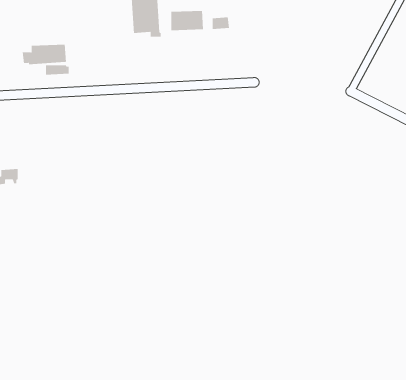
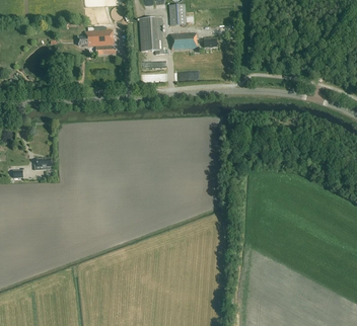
building: [22,44,69,75] -> [77,29,115,54]

